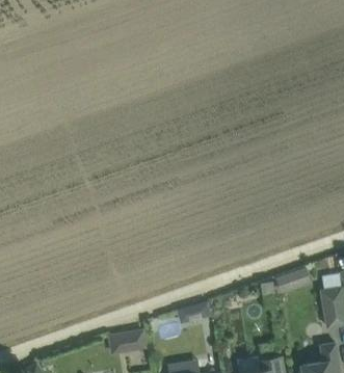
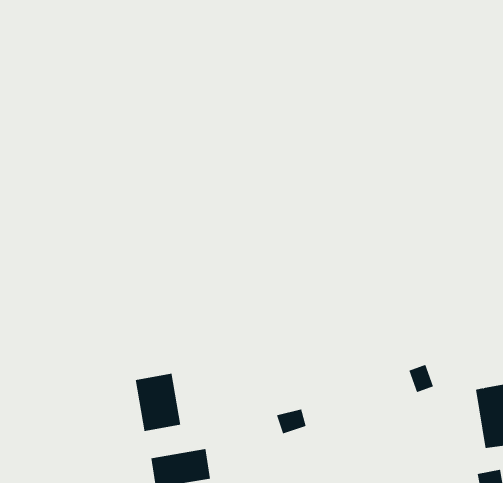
building: none -> [135,373,181,432]

